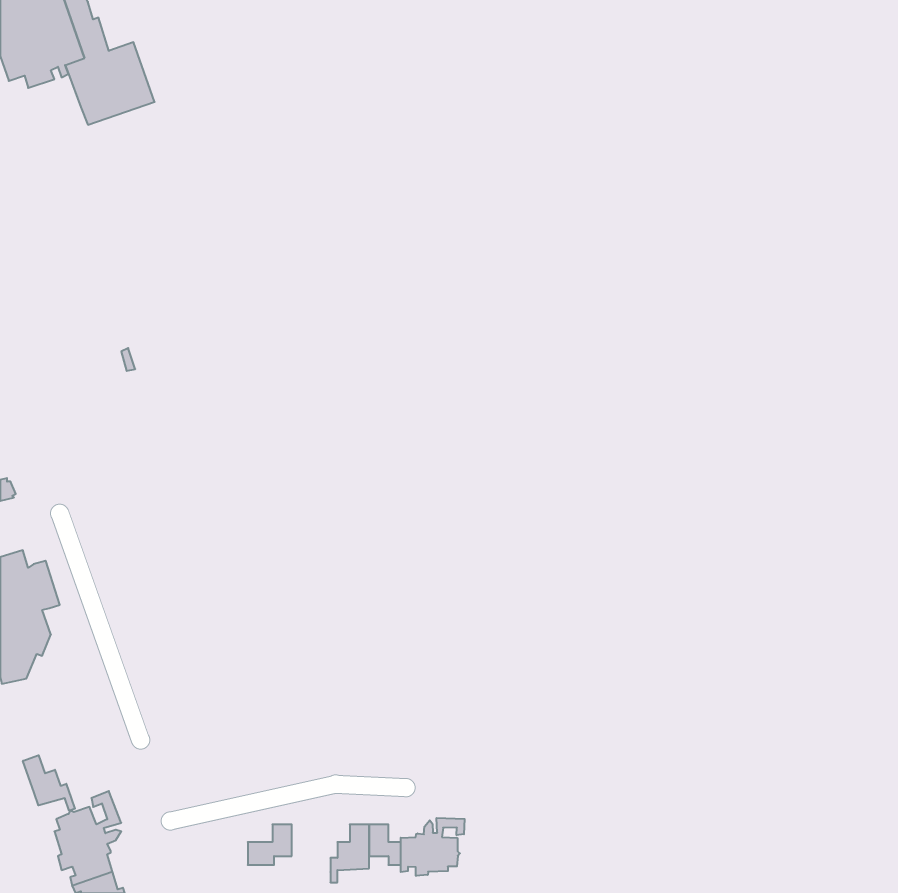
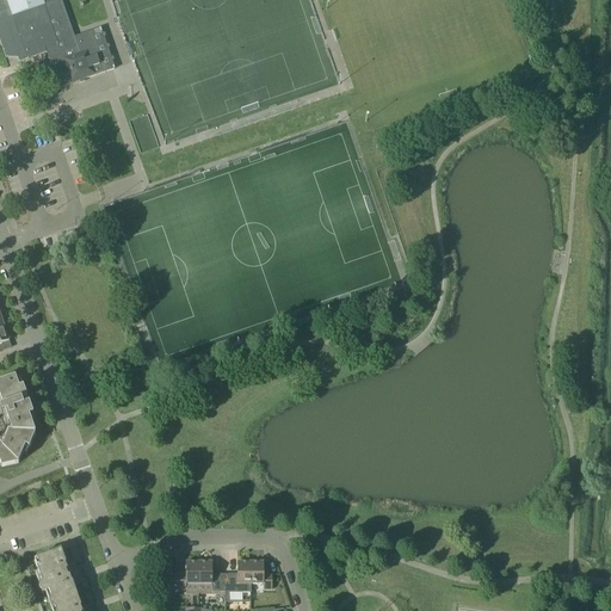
building: [23,755,75,811] -> none
building: [401,818,465,876] -> none
building: none -> [198,560,224,592]

